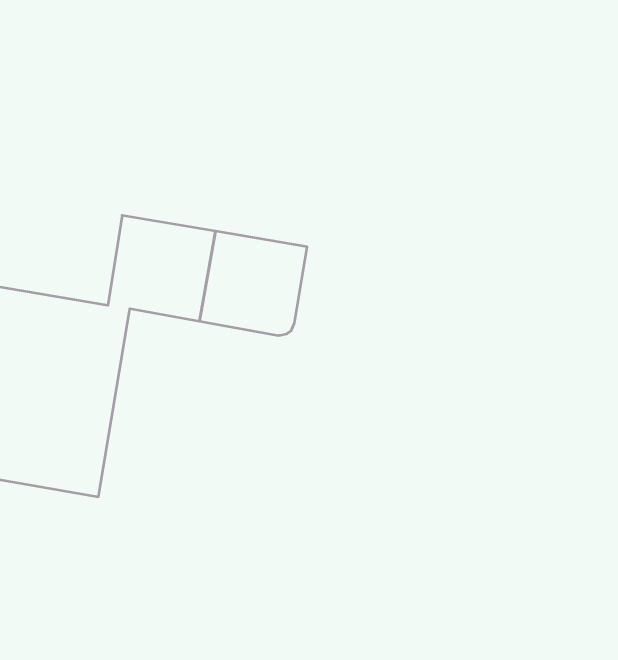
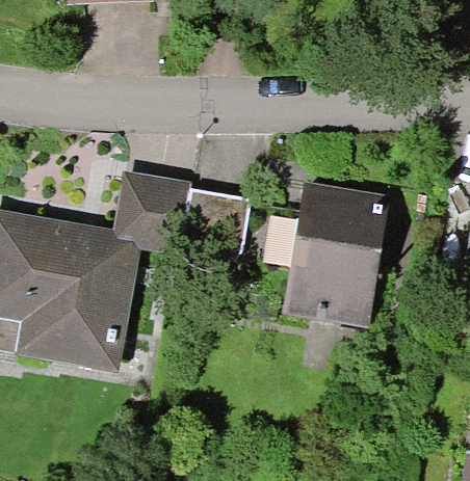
building: none -> [283,190,385,319]

